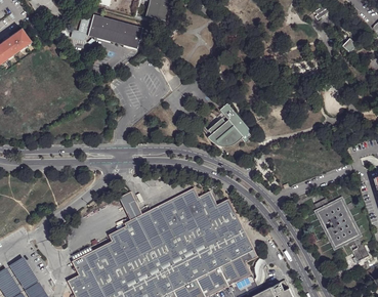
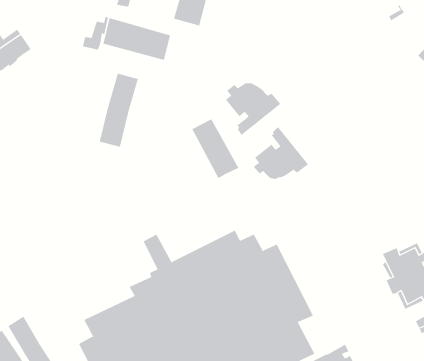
building: none -> [99,73,138,148]
building: none -> [225,82,281,136]
building: none -> [192,118,239,179]

